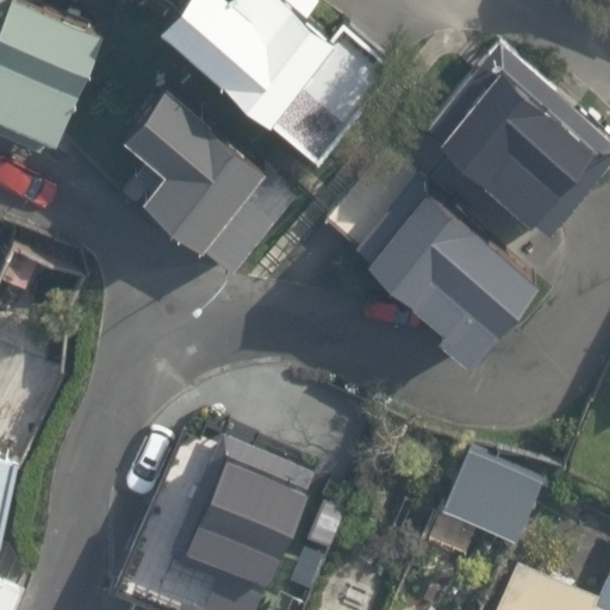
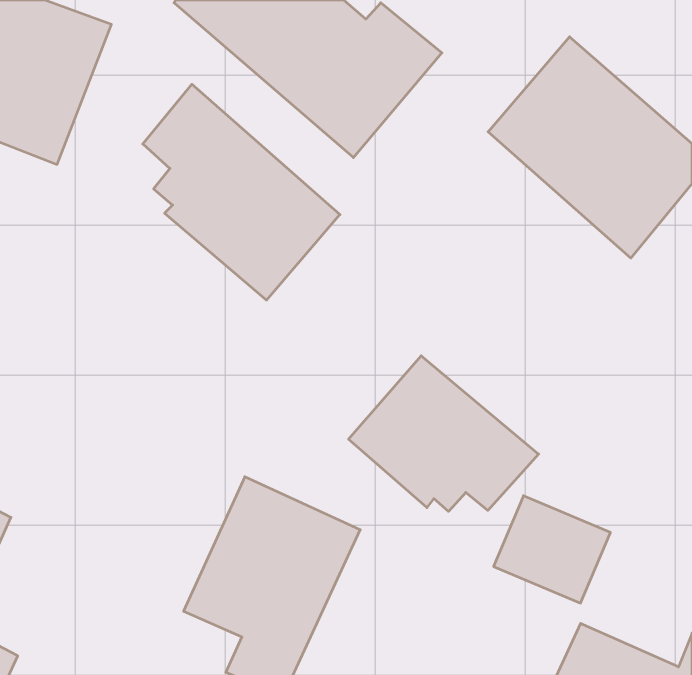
building: [328,160,541,372] -> none
building: none -> [349,356,539,511]

